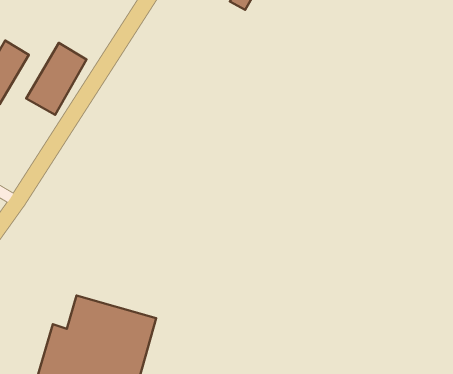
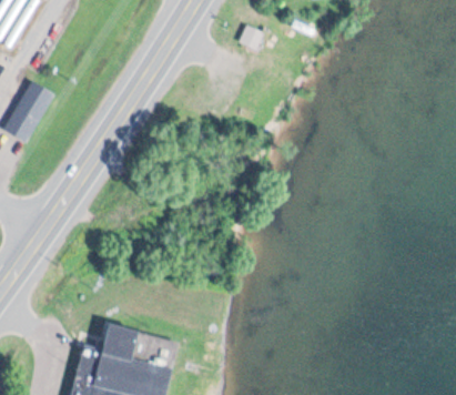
building: [26,43,86,115] -> none

